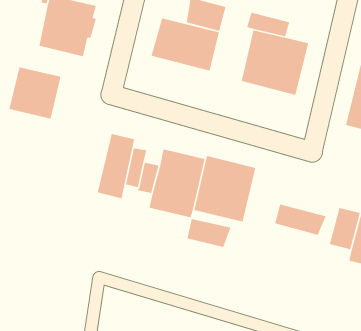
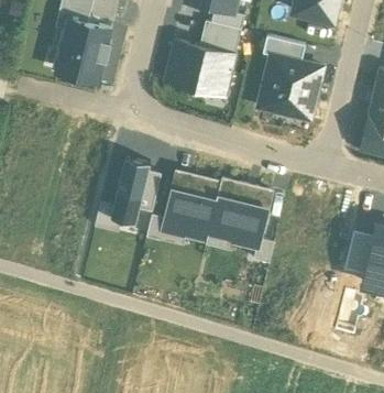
building: [9,66,61,119] -> none
building: [274,204,327,236] -> none
building: [186,218,231,248] -> none

